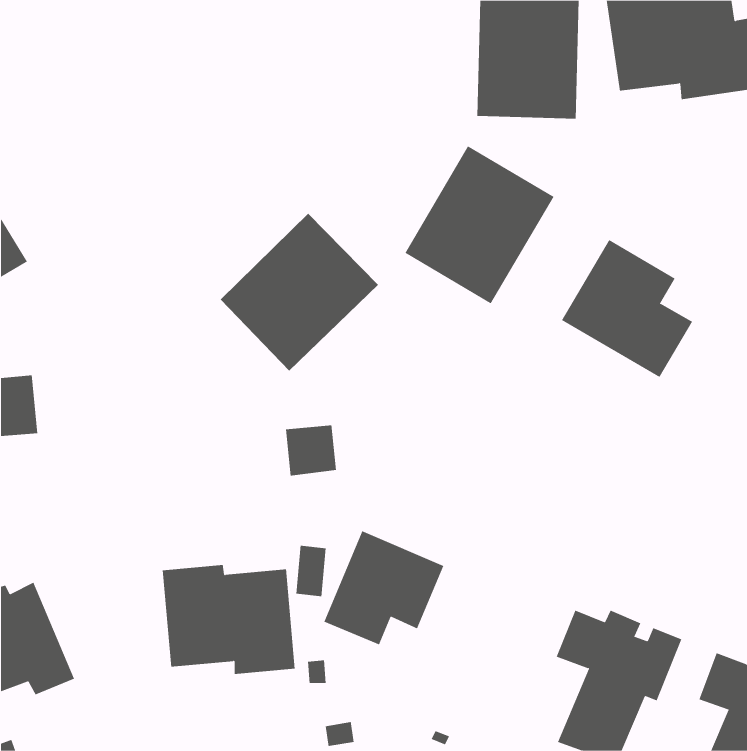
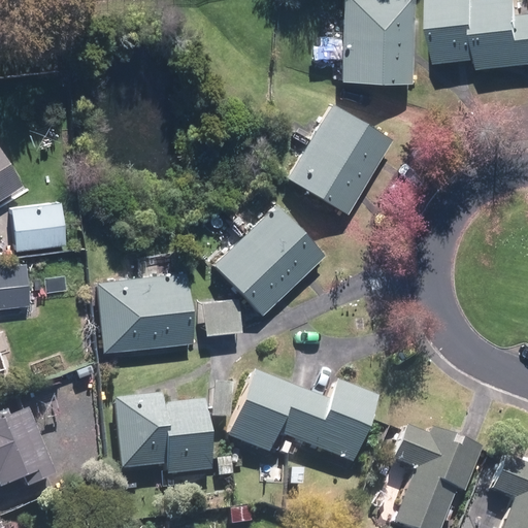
building: [220,213,379,371] -> [213,203,325,315]
building: [561,239,693,378] -> none
building: none -> [12,204,64,249]
building: none -> [98,272,193,351]
building: none -> [289,381,380,463]

